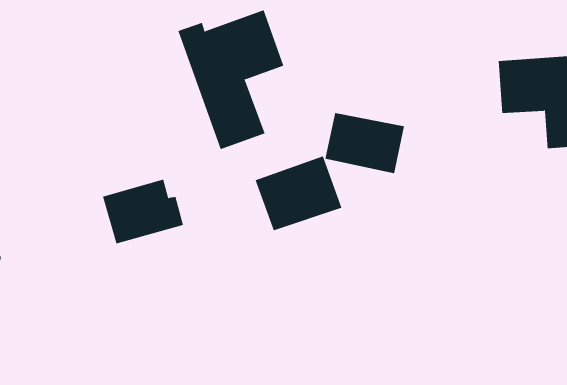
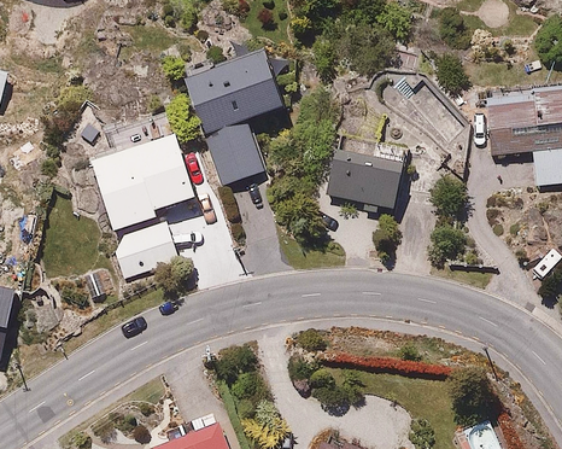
building: none -> [89,134,197,231]
building: [255,156,342,231] -> none

